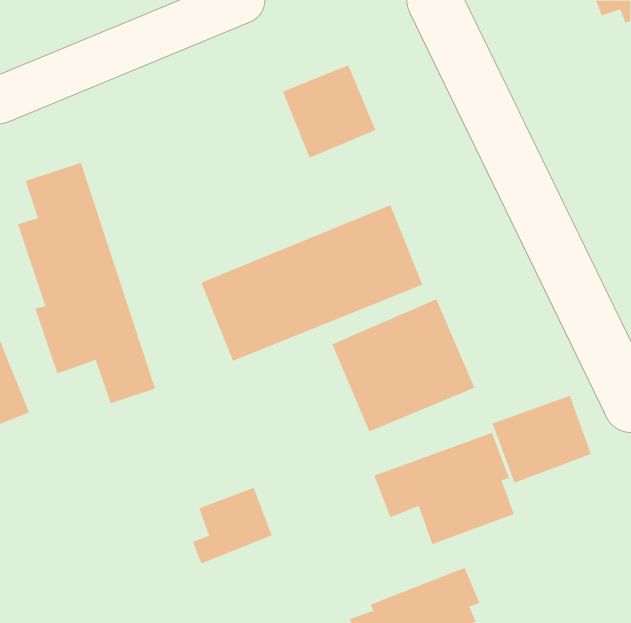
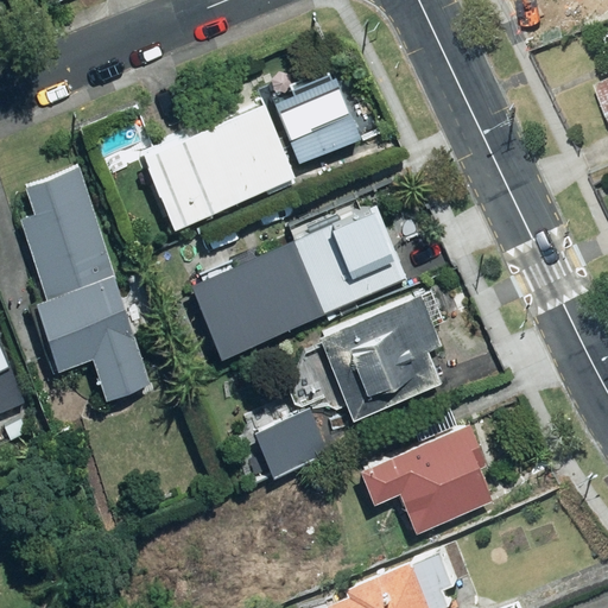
building: none -> [134,103,296,235]
building: [492,395,592,483] -> none
building: [192,487,273,564] -> [251,410,328,483]

